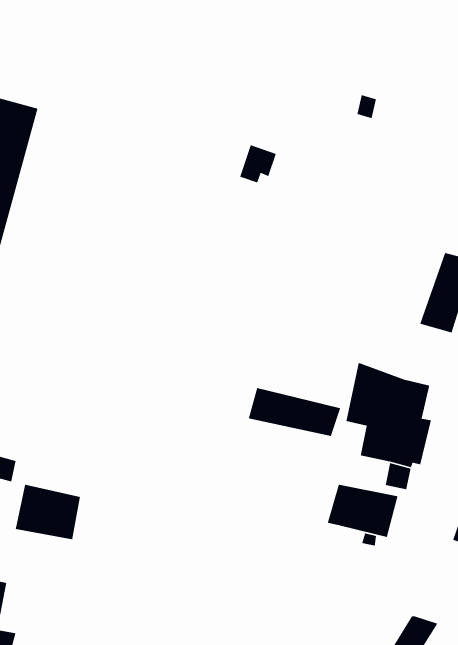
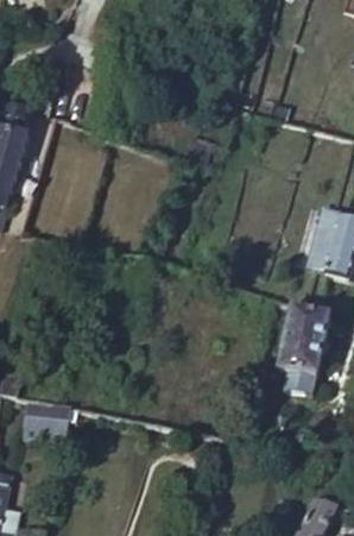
building: [248,387,341,437] -> none
building: [327,484,398,538] -> none

